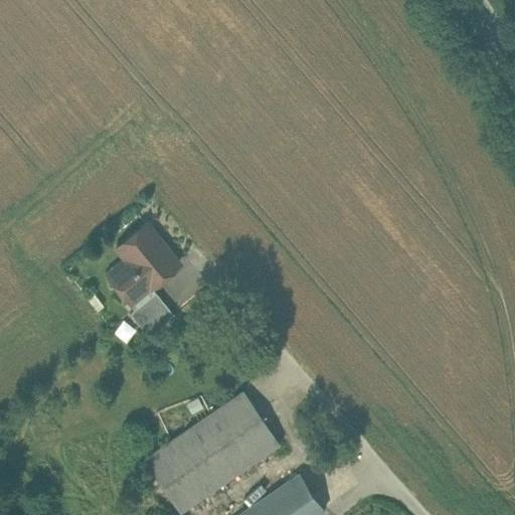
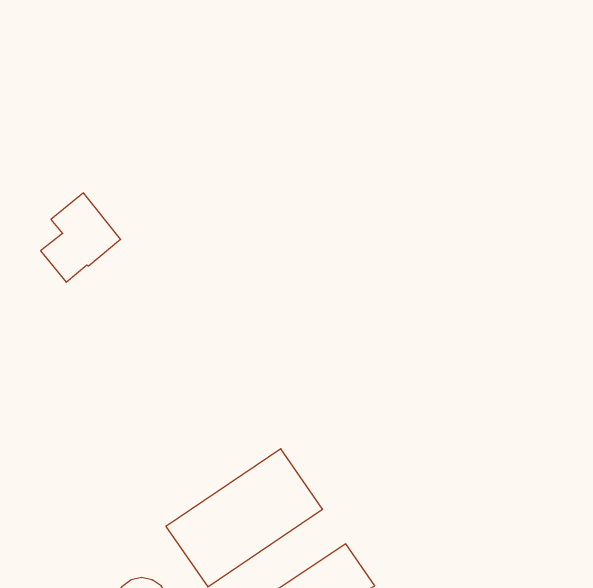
building: [109,226,178,304] -> [41,193,121,282]
building: [130,294,174,337] -> none

